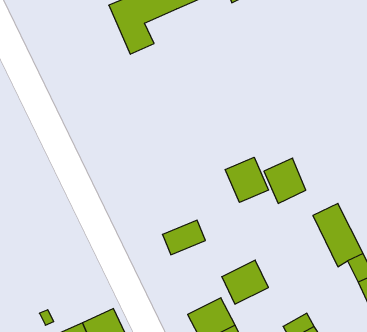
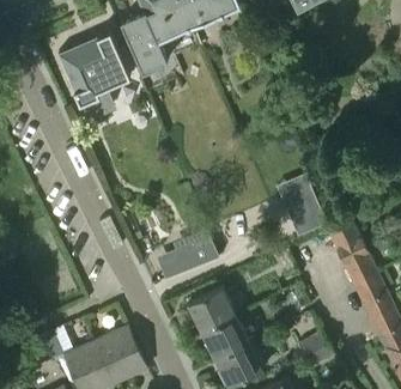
building: none -> [57,35,130,108]
building: [225,157,269,202] -> none
building: [222,260,268,304] -> [188,291,235,335]

